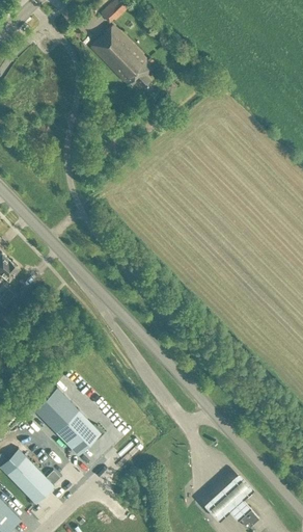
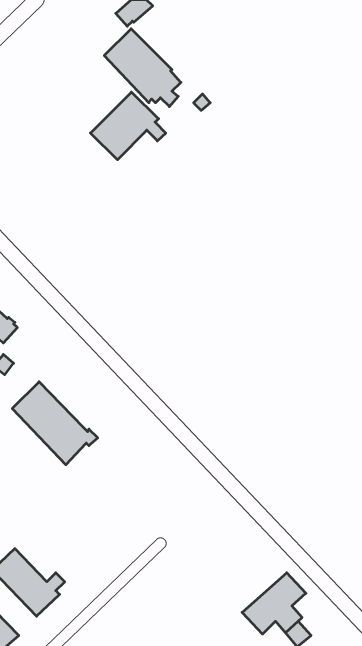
building: none -> [90,92,166,160]
building: [34,388,104,455] -> [12,382,98,465]

